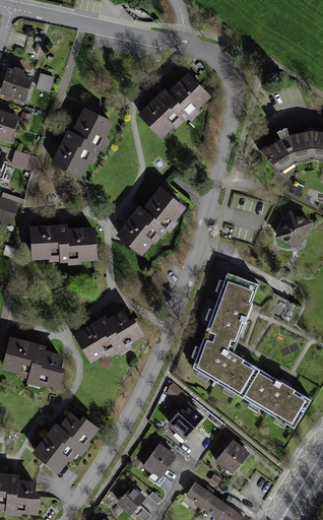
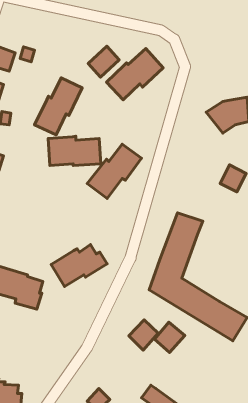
building: none -> [88,46,119,77]
building: [33,225,96,261] -> [48,136,101,165]
building: [33,413,96,472] -> none
building: [213,441,250,477] -> [155,322,185,352]
building: [141,444,175,484] -> none

